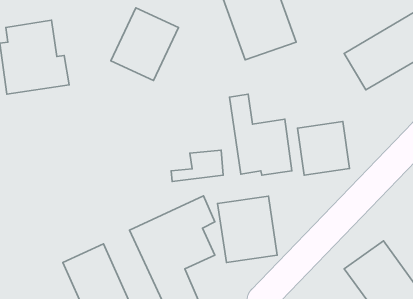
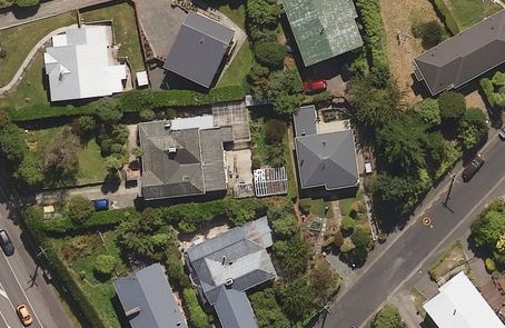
building: none -> [138,101,246,201]
building: [298,122,350,175] -> none
building: [218,196,277,262] -> none

